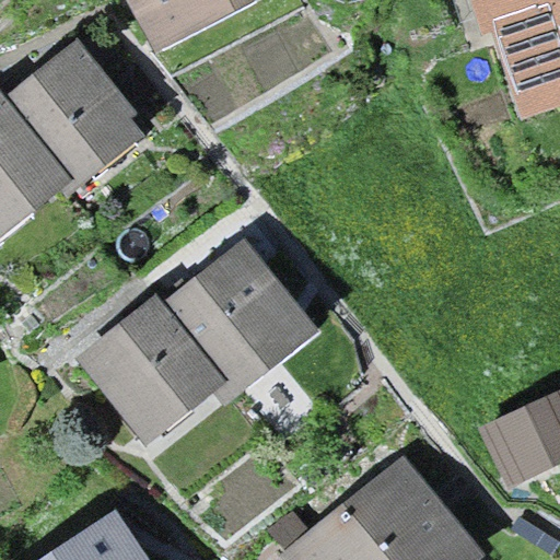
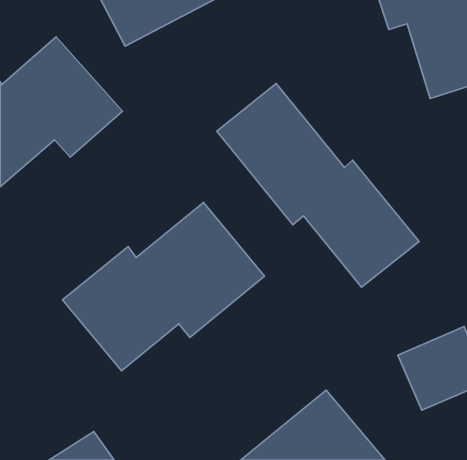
building: none -> [217,84,419,287]

